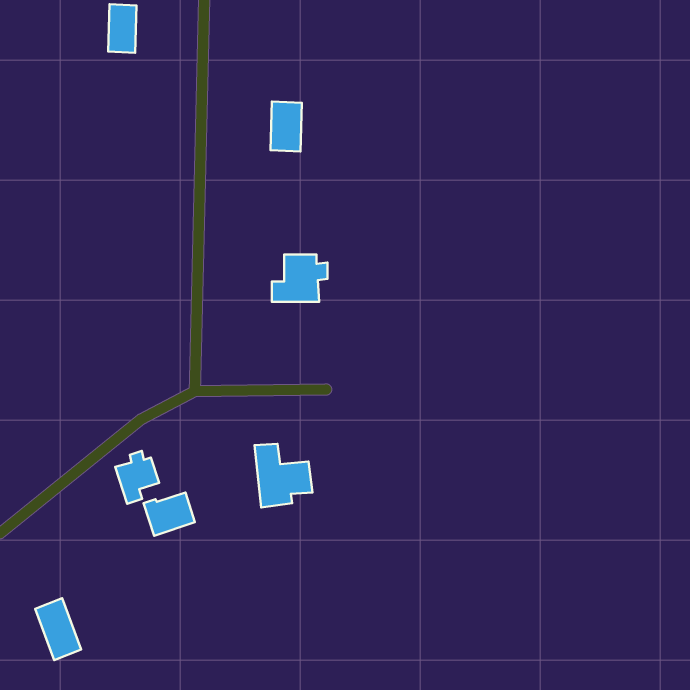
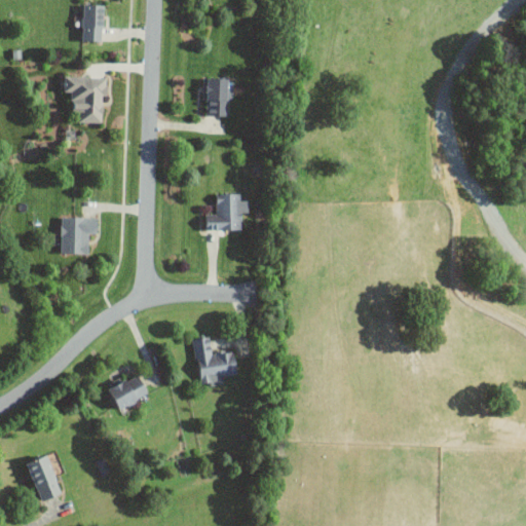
building: none -> [65,76,109,123]
building: none -> [62,217,99,255]
building: [115,451,159,504] -> none

